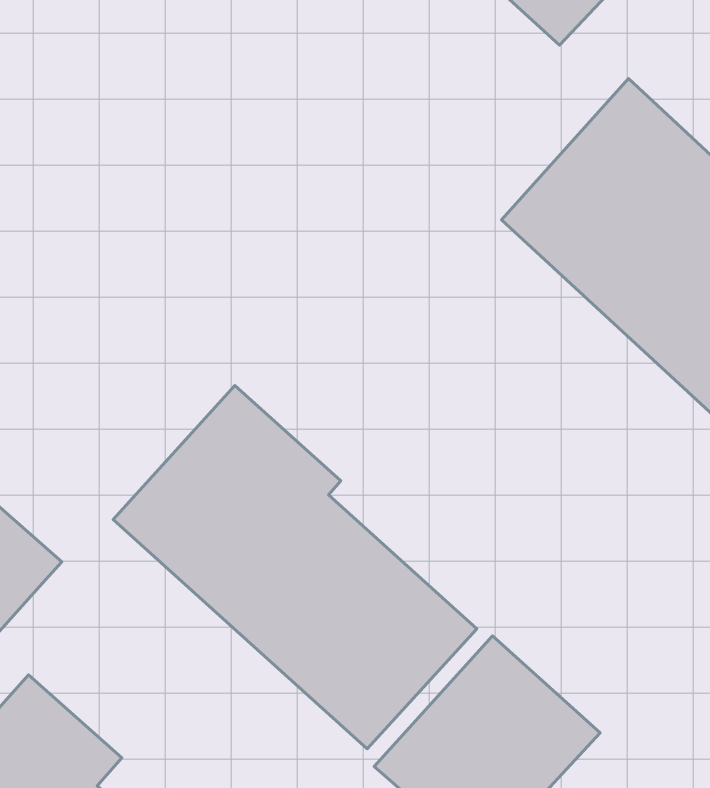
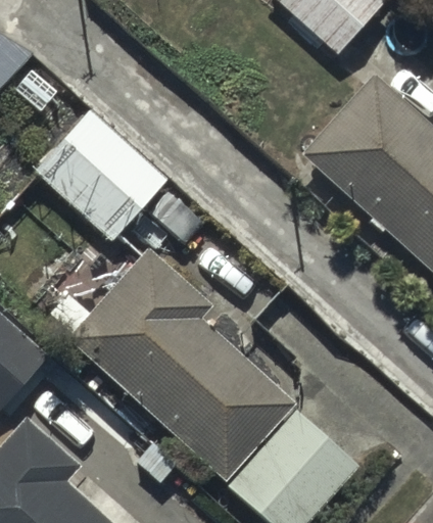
building: none -> [34,107,169,239]

